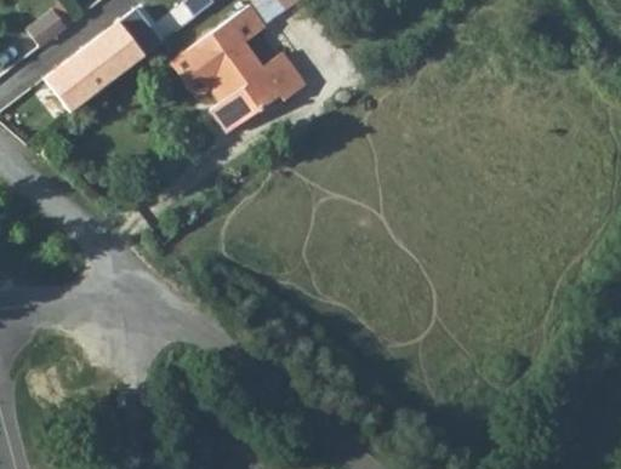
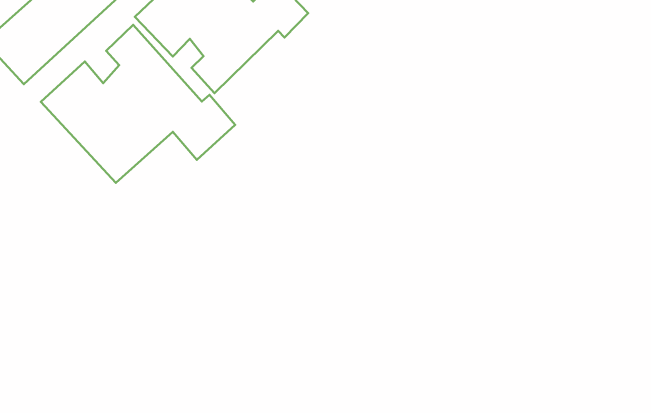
building: none -> [41,25,235,183]

